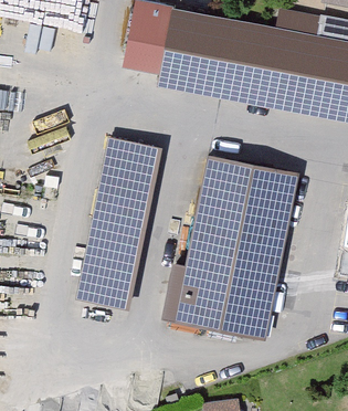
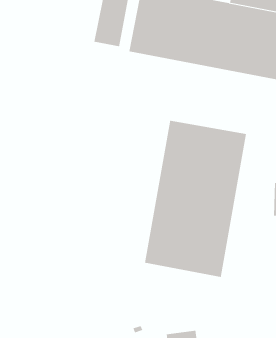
building: [75,140,161,313] -> none

